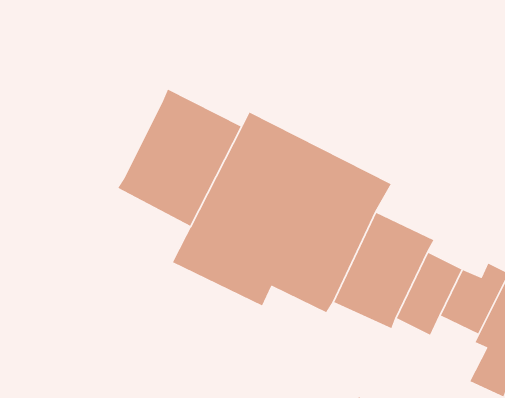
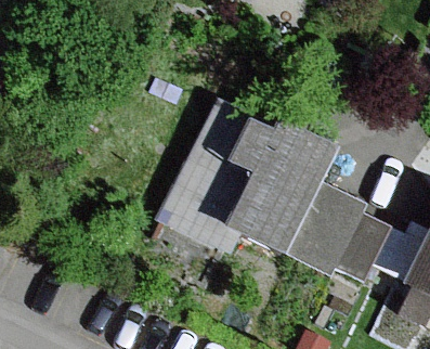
building: [117,88,242,227] -> none

